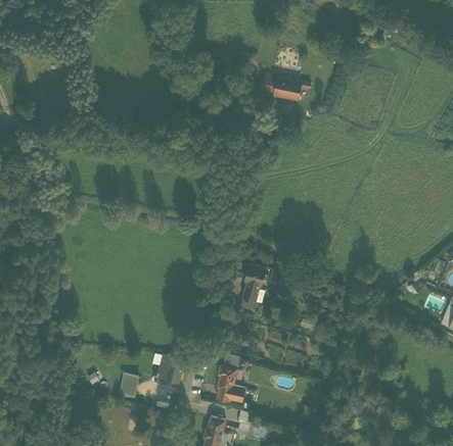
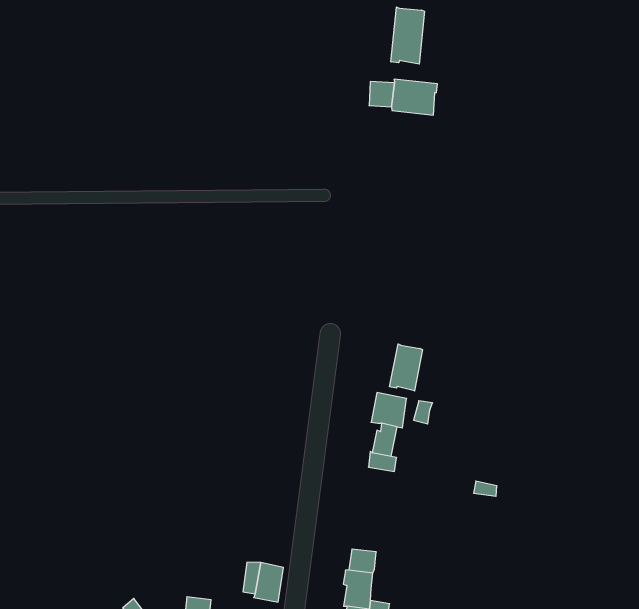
building: none -> [391,7,425,64]
building: none -> [390,344,422,391]

